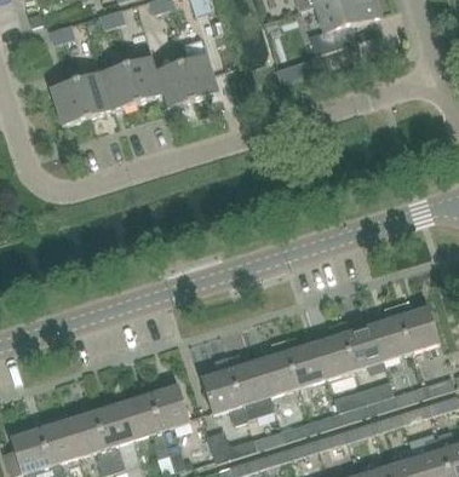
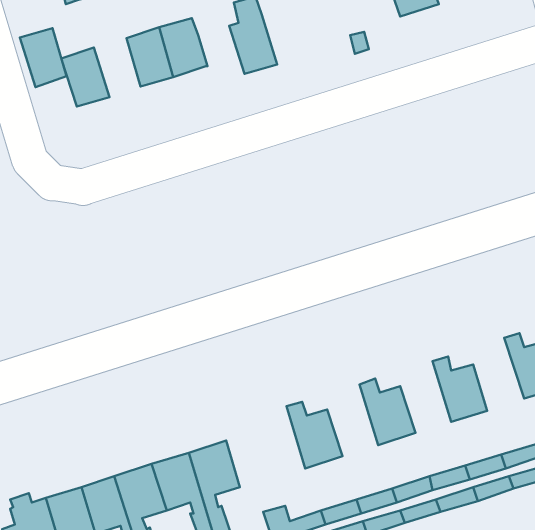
building: [157,62,194,108] -> none
building: [76,71,113,117] -> [20,28,66,87]
building: [372,305,412,362] -> none
building: [315,323,355,379] -> none
building: [258,341,298,397] -> none
building: [201,358,246,425] -> none

